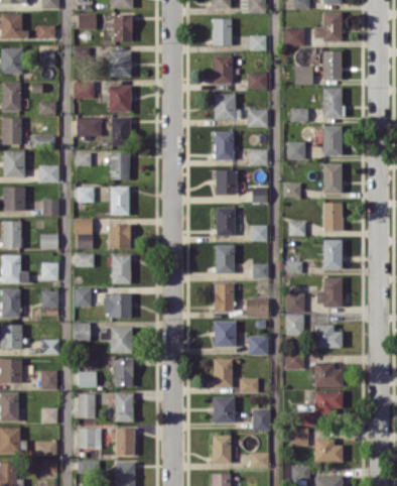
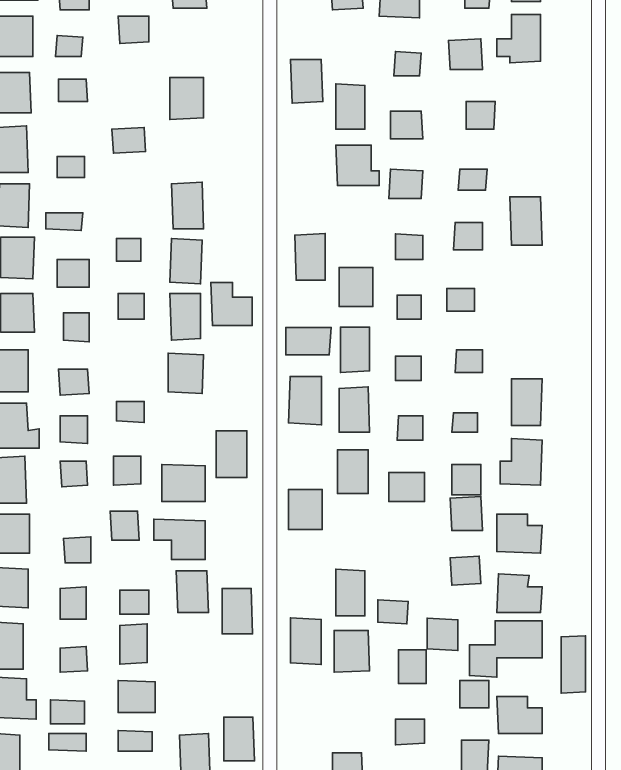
building: [113,14,133,41] -> none
building: [212,19,232,46] -> [291,60,323,103]
building: [323,50,342,79] -> none
building: [109,86,131,112] -> none
building: [322,88,342,119] -> none
building: [77,118,102,136] -> none
building: [215,131,234,160] -> [295,234,325,280]
building: [323,163,343,194] -> none
building: none -> [211,283,252,325]
building: [323,203,343,231] -> none
building: none -> [286,327,331,355]
building: [76,219,94,249] -> none
building: none -> [289,377,322,425]
building: [112,255,131,284] -> [216,431,247,478]
building: [215,322,236,347] -> [288,489,322,530]
building: [249,336,268,356] -> [427,618,458,650]
building: [115,393,134,421] -> [222,589,253,634]
building: none -> [561,636,585,693]
building: [116,429,135,456] -> [224,717,254,761]
building: [212,435,231,464] -> [291,618,321,665]

